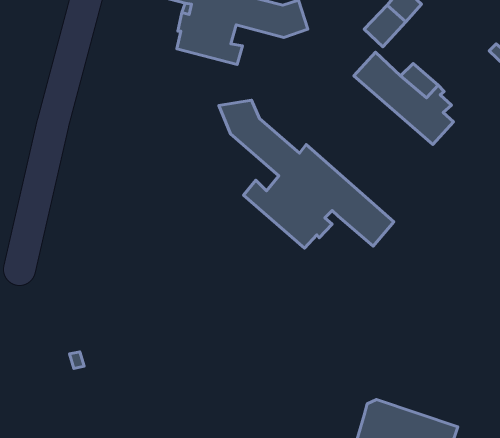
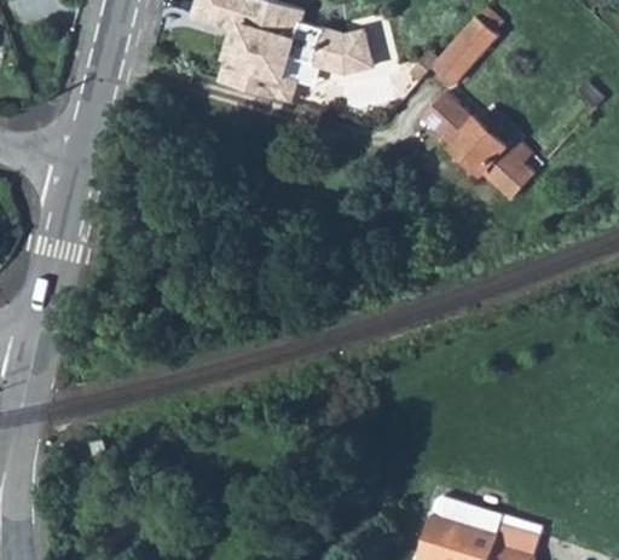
building: [219,100,394,248] -> none

